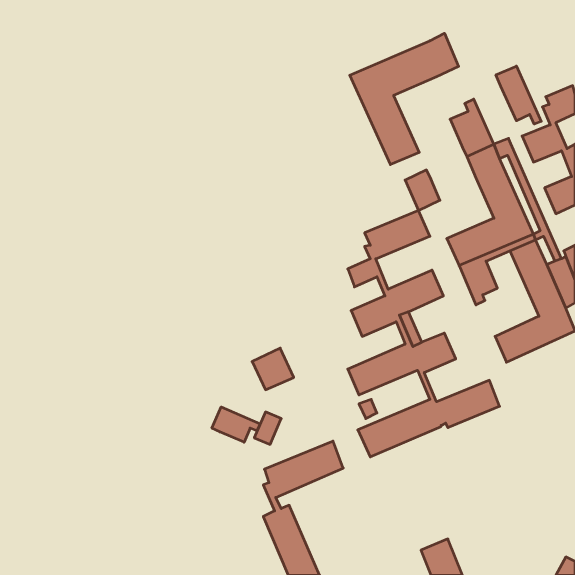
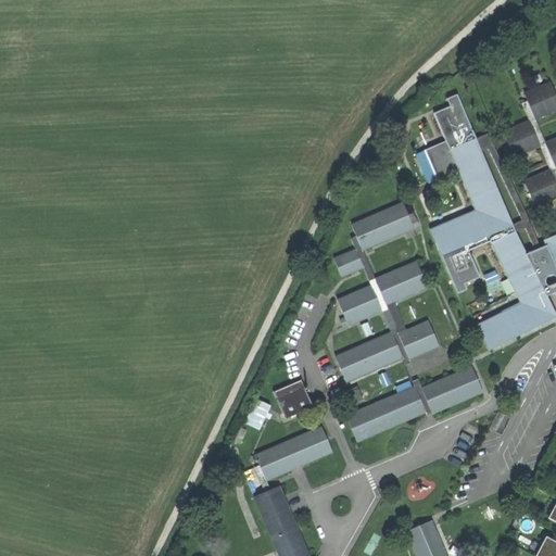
building: [350,33,459,165] -> none
building: [496,66,541,124] -> none
building: [405,170,440,210] -> [426,142,459,181]
building: [252,348,294,390] -> [274,380,314,420]
building: [212,407,260,442] -> none

